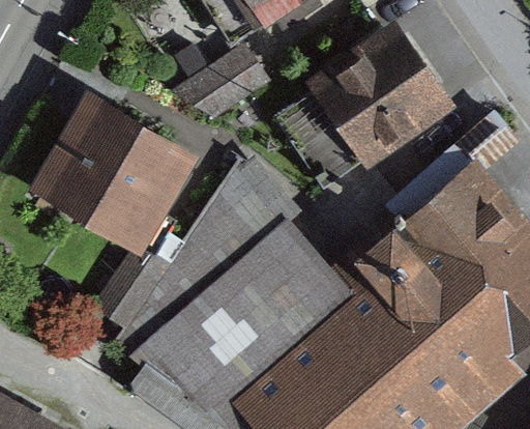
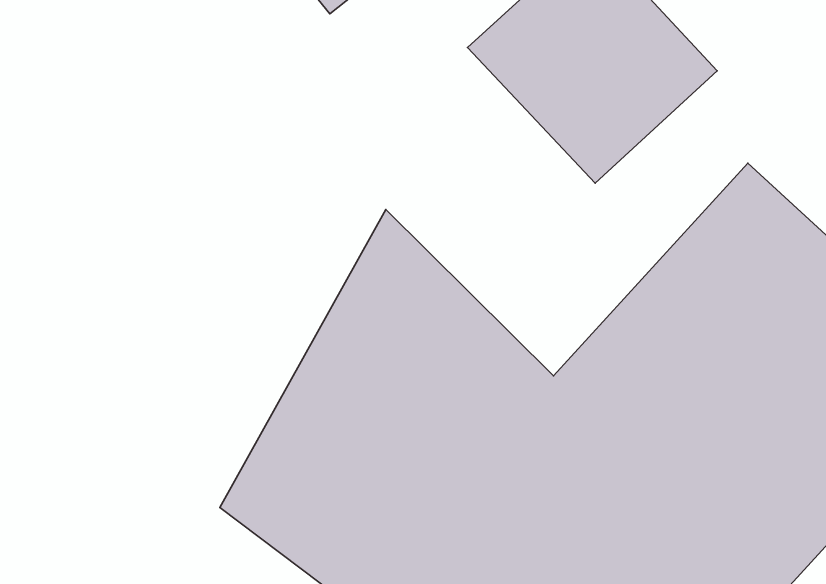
building: [175,46,271,118] -> none
building: [35,99,193,252] -> none

